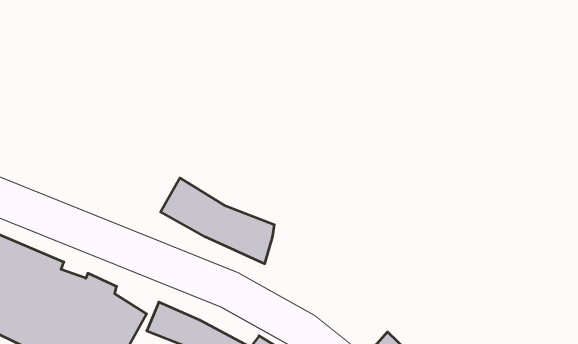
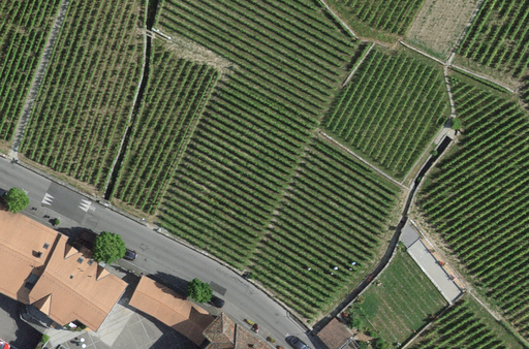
building: [161,178,274,264] -> none

